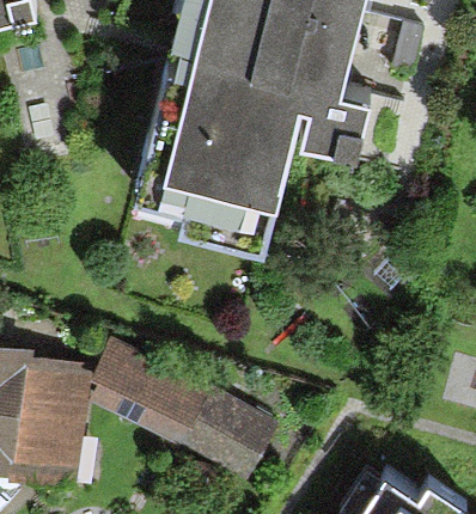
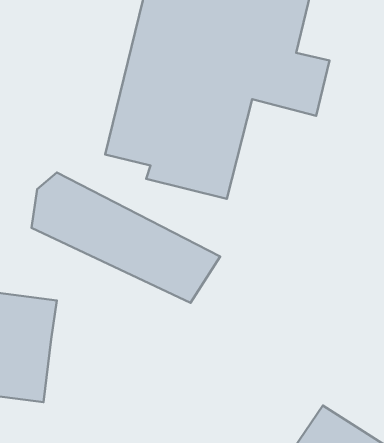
building: [84,338,288,479] -> [32,173,220,303]

